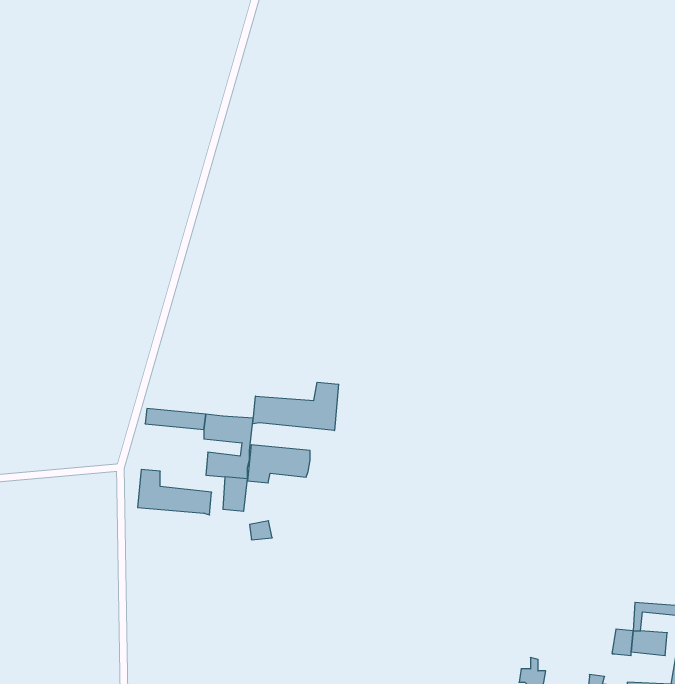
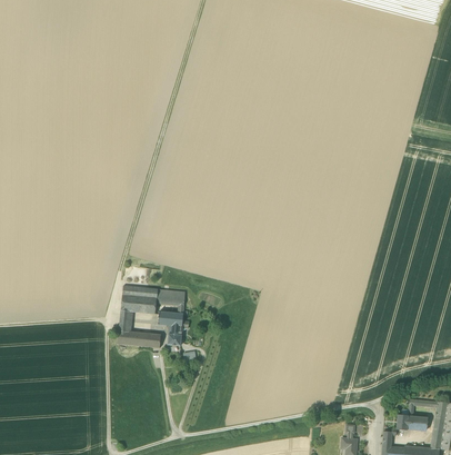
building: [253,382,339,431] -> none
building: [247,445,310,483] -> [121,295,158,317]

